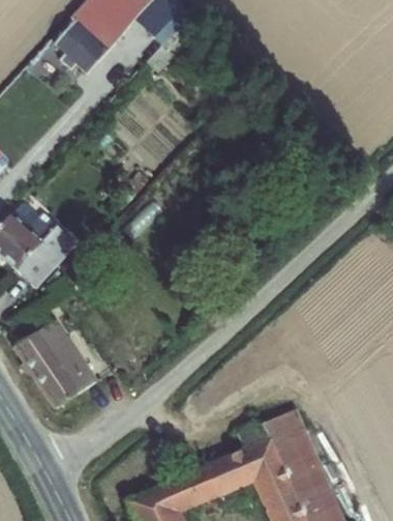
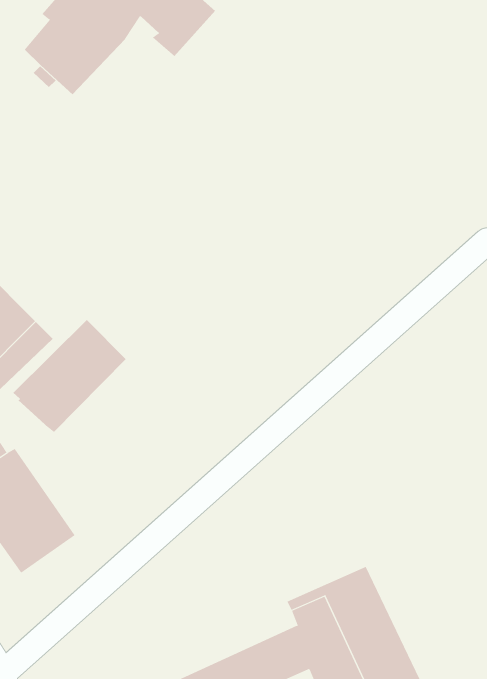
building: none -> [13,319,127,433]

